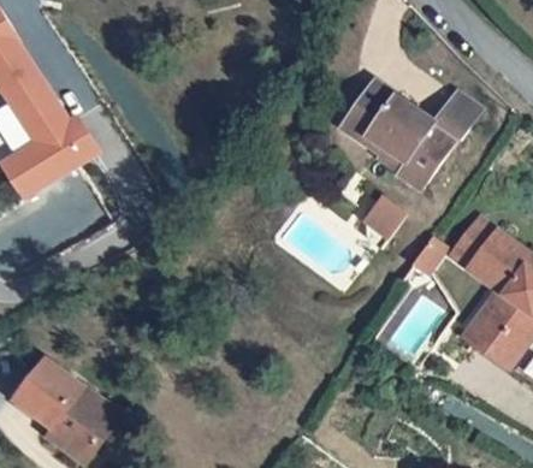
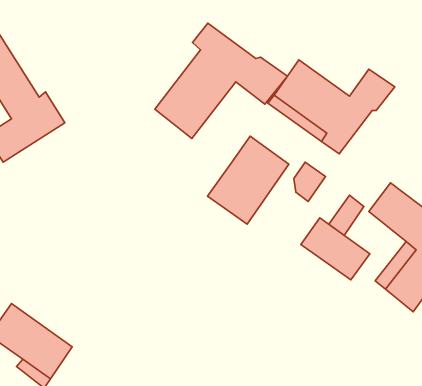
building: none -> [155,23,287,139]
building: none -> [208,136,289,224]
building: none -> [301,218,370,280]

